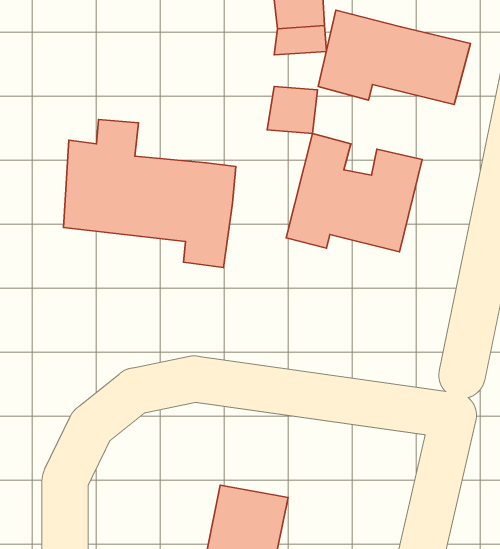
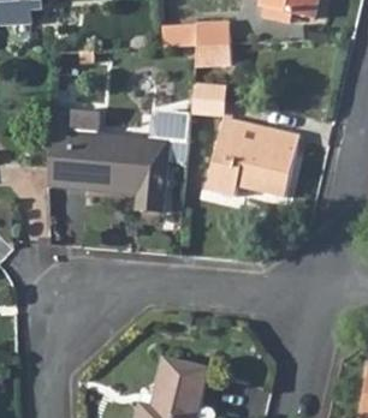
building: [318,10,471,104] -> none
building: none -> [150,111,192,165]

